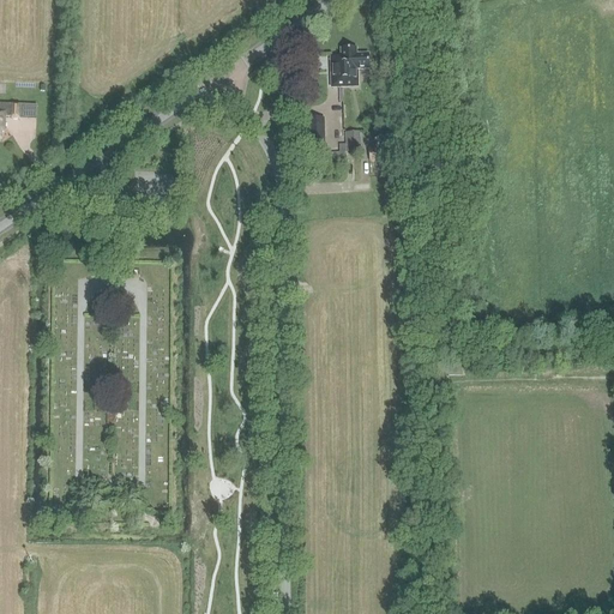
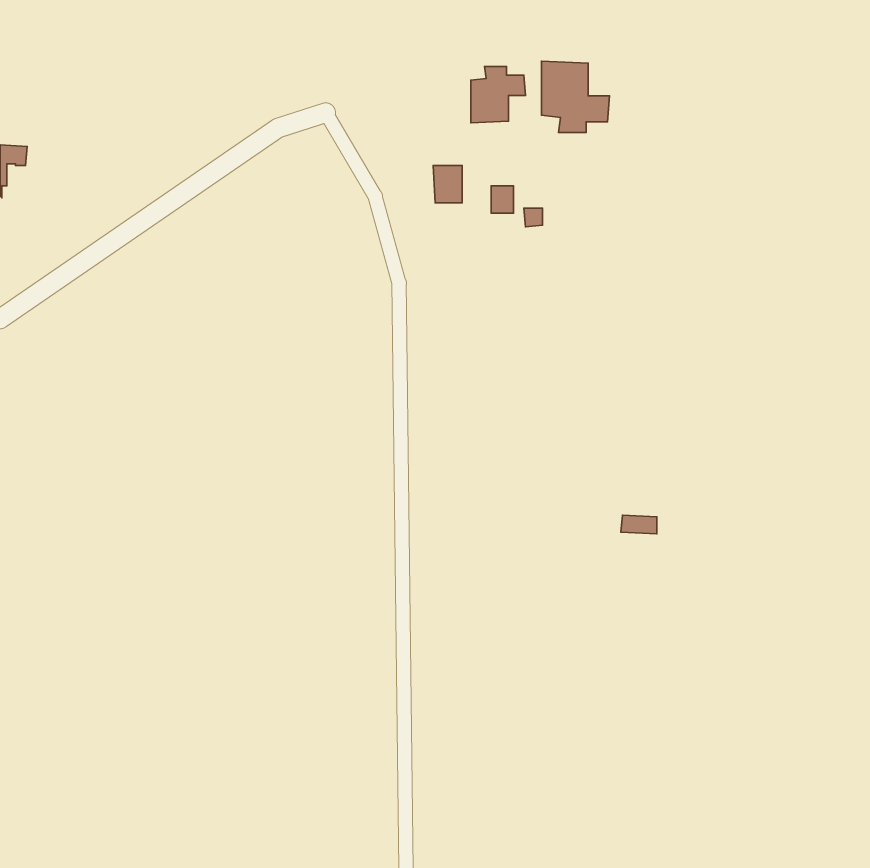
building: none -> [542,61,610,133]

